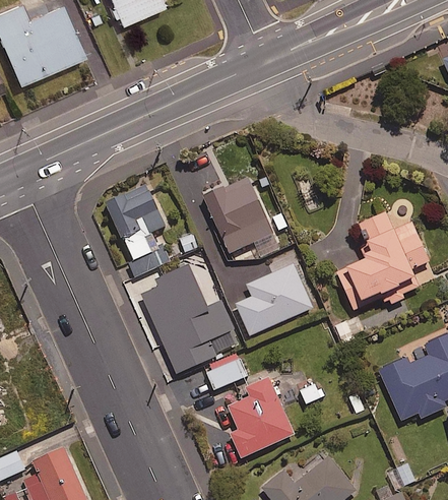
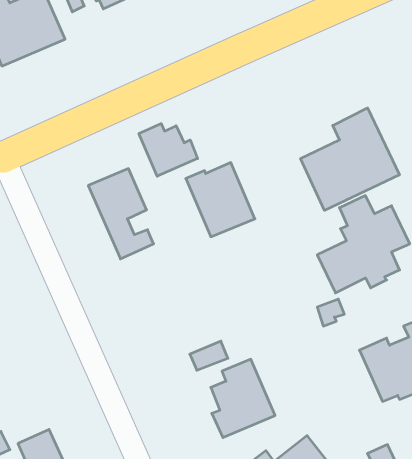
building: none -> [301,108,399,210]
building: none -> [139,124,198,176]
building: [237,263,313,334] -> none
building: [142,265,232,372] -> none

